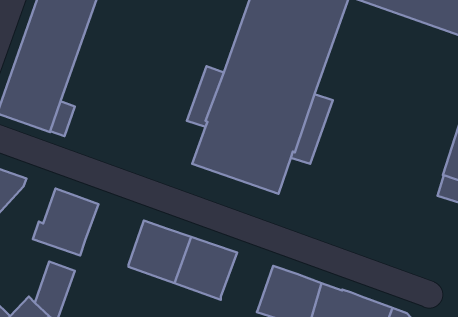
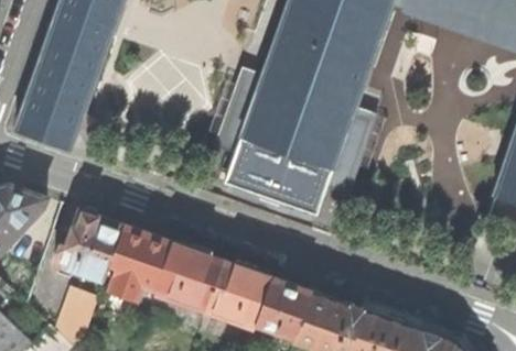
building: none -> [109,226,172,300]
building: none -> [255,277,311,339]

